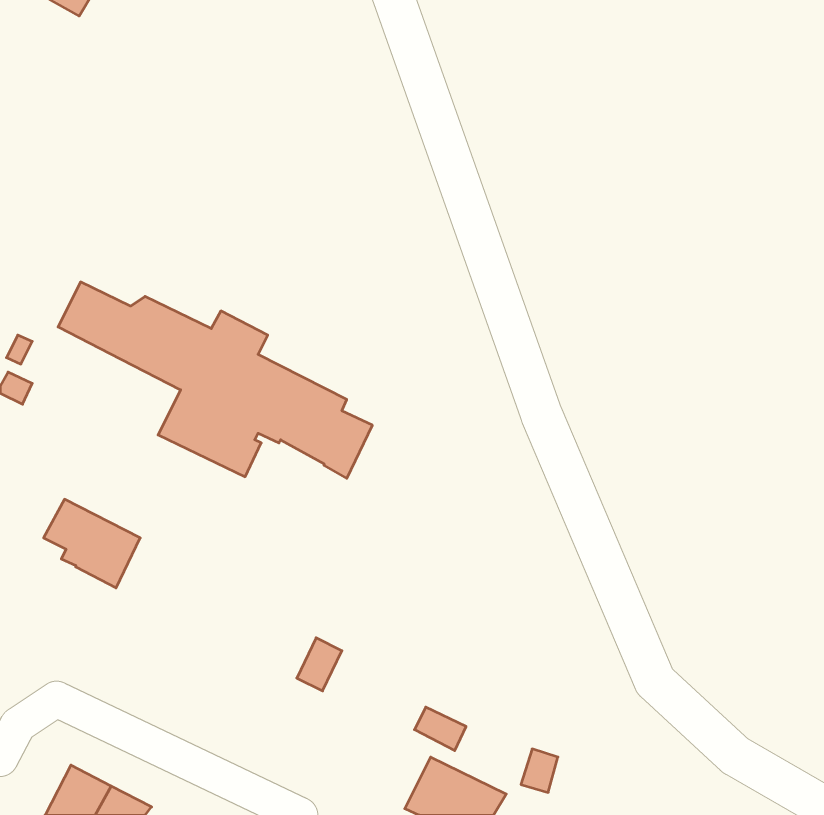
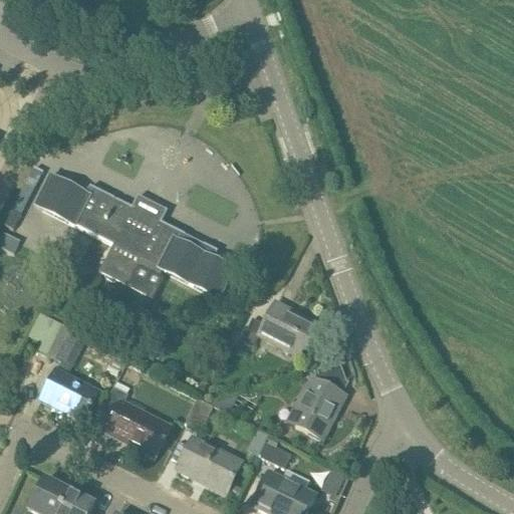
building: none -> [240,302,318,351]
building: none -> [294,360,345,439]
building: none -> [41,369,98,420]
building: none -> [99,386,170,456]
building: none -> [177,437,241,493]

